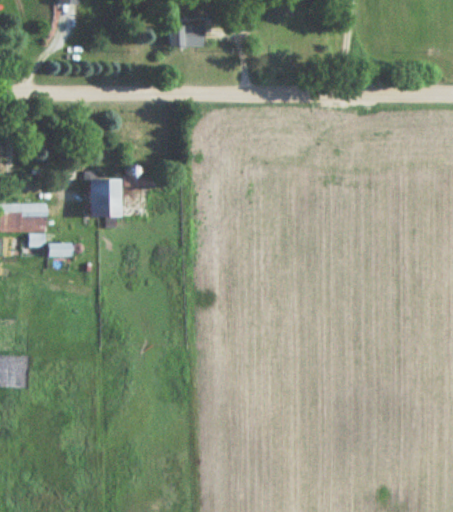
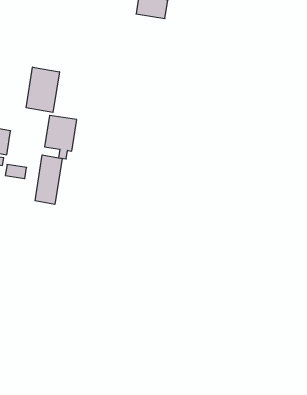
building: none -> [26,67,59,112]
building: none -> [35,155,62,204]

